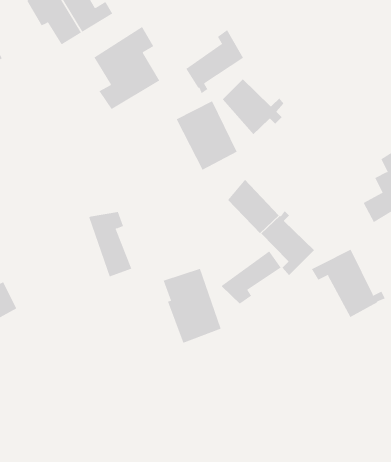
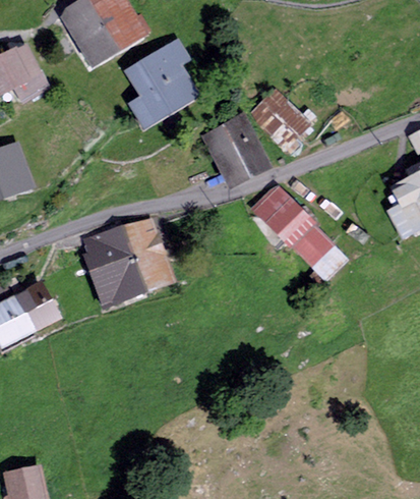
building: [186,29,244,94] -> none
building: [311,249,385,318] -> none
building: [221,250,281,305] -> none
building: [163,268,221,343] -> [85,227,142,300]

